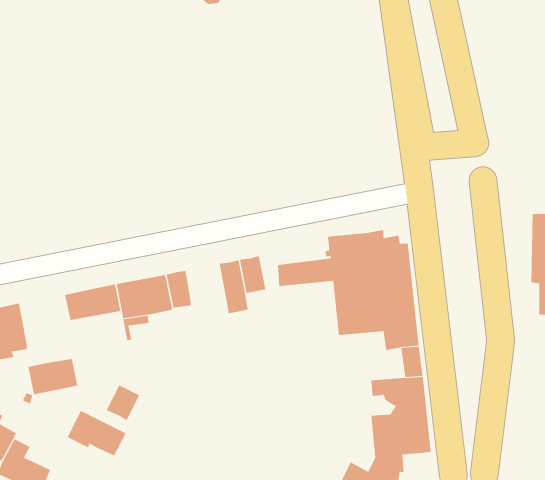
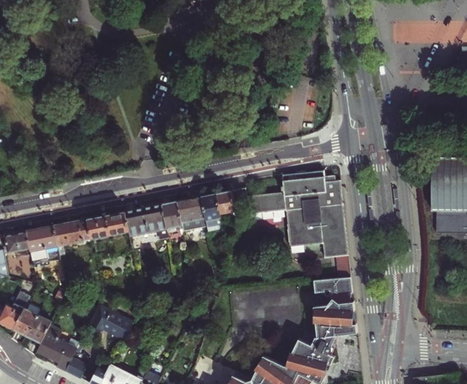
building: none -> [175,196,205,233]
building: [28,359,79,395] -> [52,219,90,246]
building: [106,384,140,421] -> none

